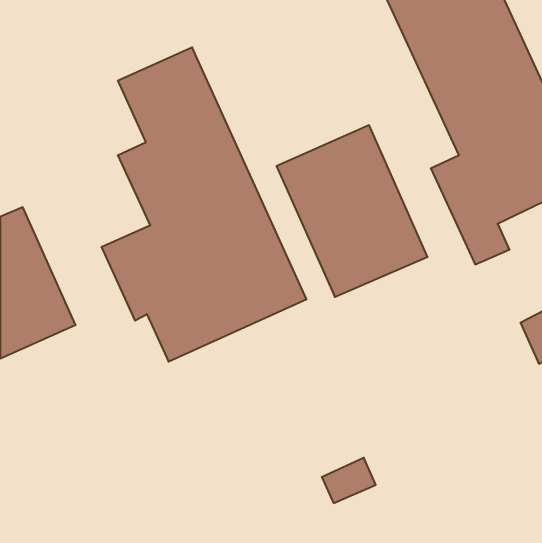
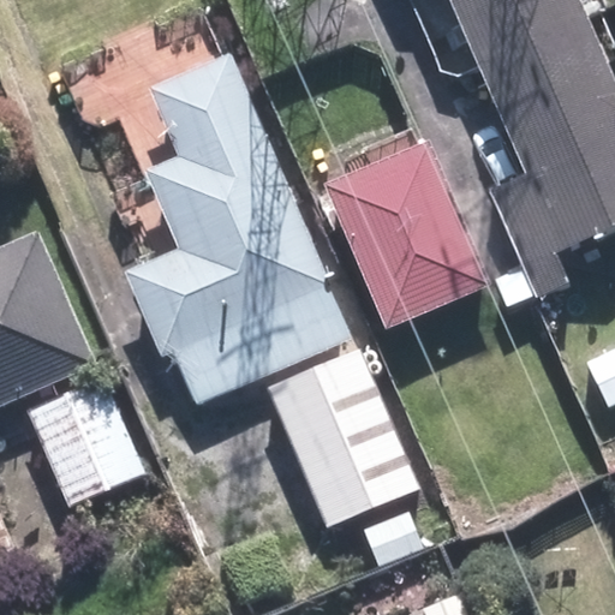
building: none -> [268,347,419,526]
building: none -> [28,375,147,504]

